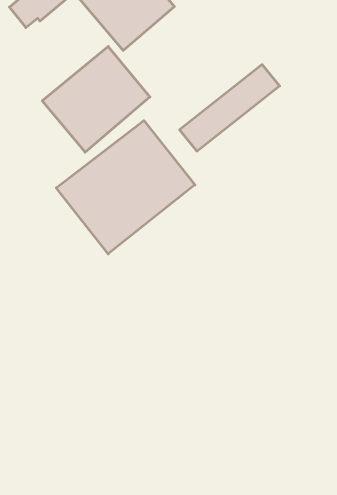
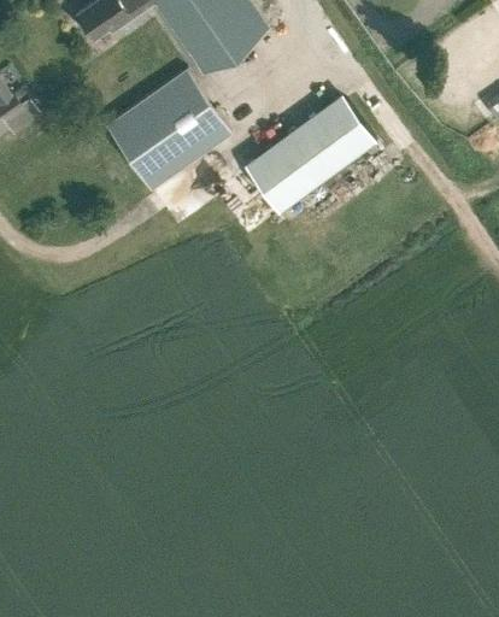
building: none -> [251,86,360,171]
building: [56,121,195,254] -> none

